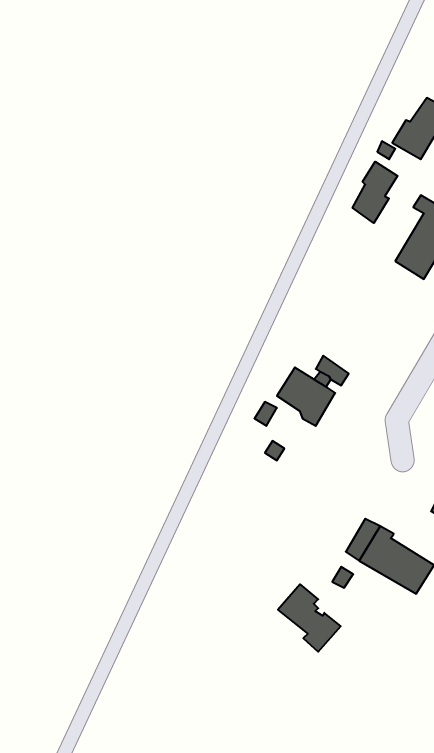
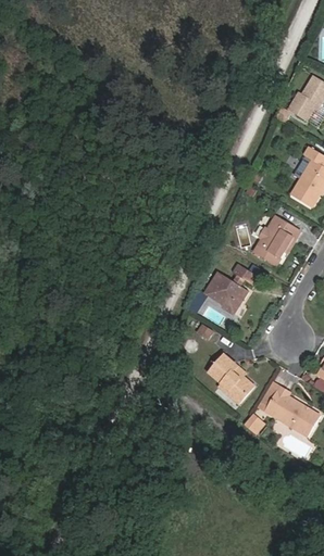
building: [353,162,398,223] -> none
building: none -> [253,216,299,265]
building: [278,584,341,652] -> [208,355,253,404]

